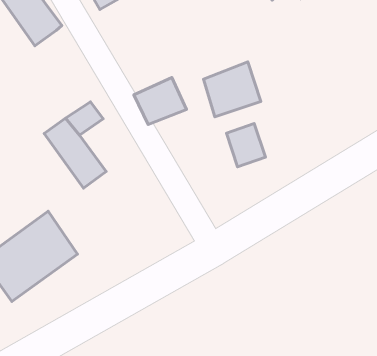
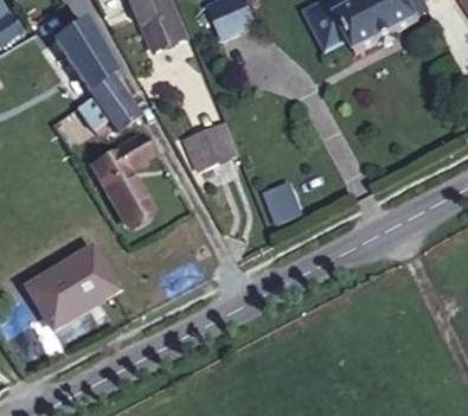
building: none -> [70,69,136,124]
building: [203,62,261,117] -> none

